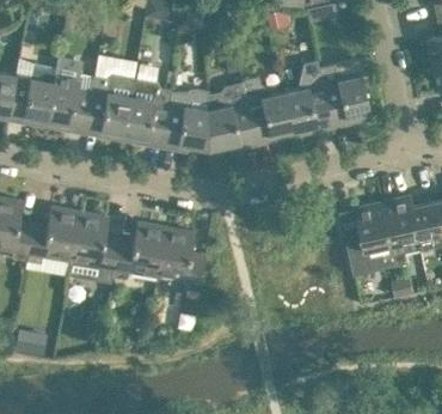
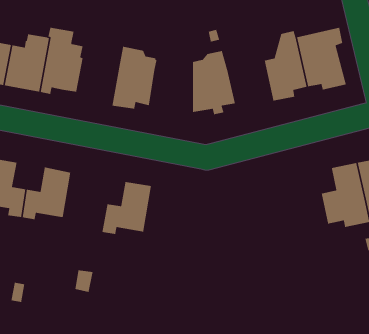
building: [86,73,135,141] -> none
building: [241,77,295,142] -> none
building: [164,87,209,152] -> none
building: [68,212,118,282] -> none
building: [158,226,205,300] -> none

